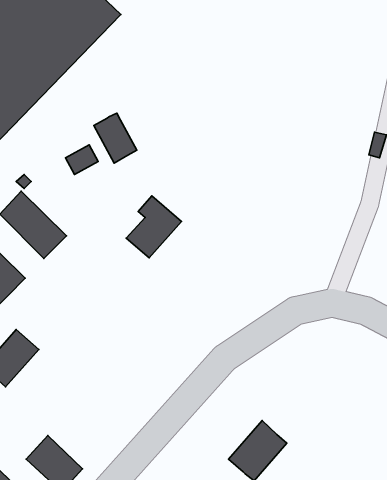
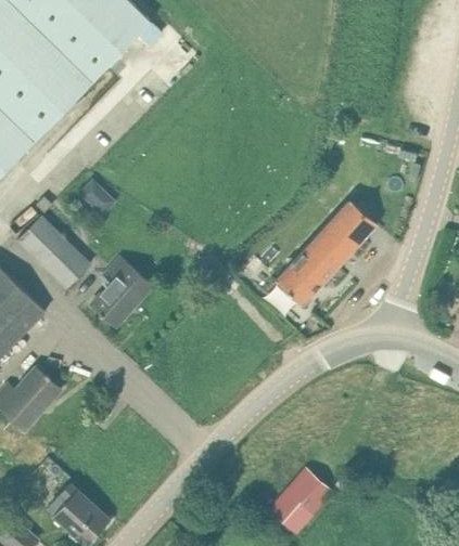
building: [94,113,137,163] -> none
building: none -> [276,198,378,305]
building: [126,196,182,258] -> [91,258,152,326]

